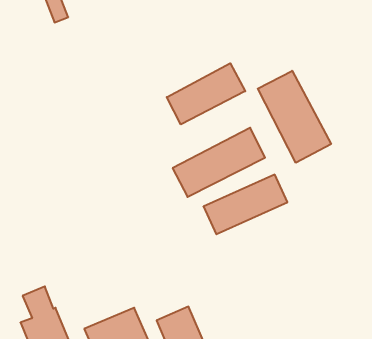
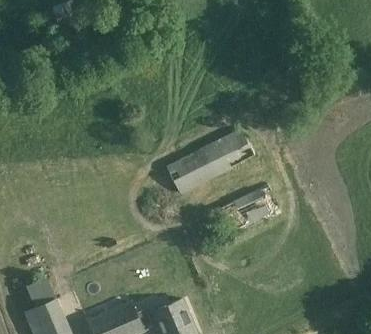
building: [167,63,245,124] -> none
building: [258,71,331,163] -> none

